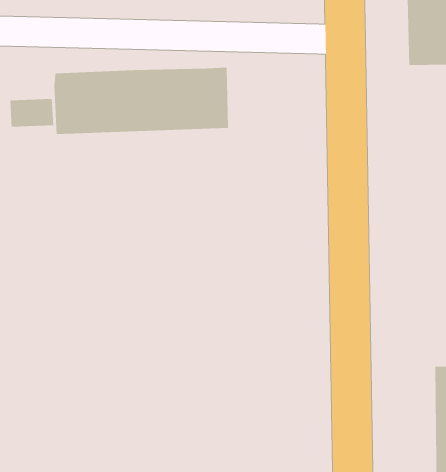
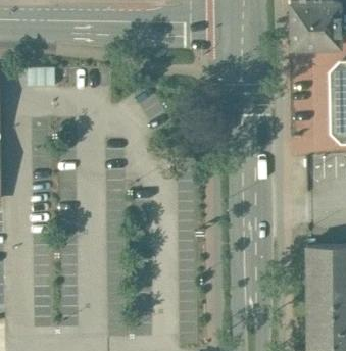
building: [54,67,229,135] -> none

